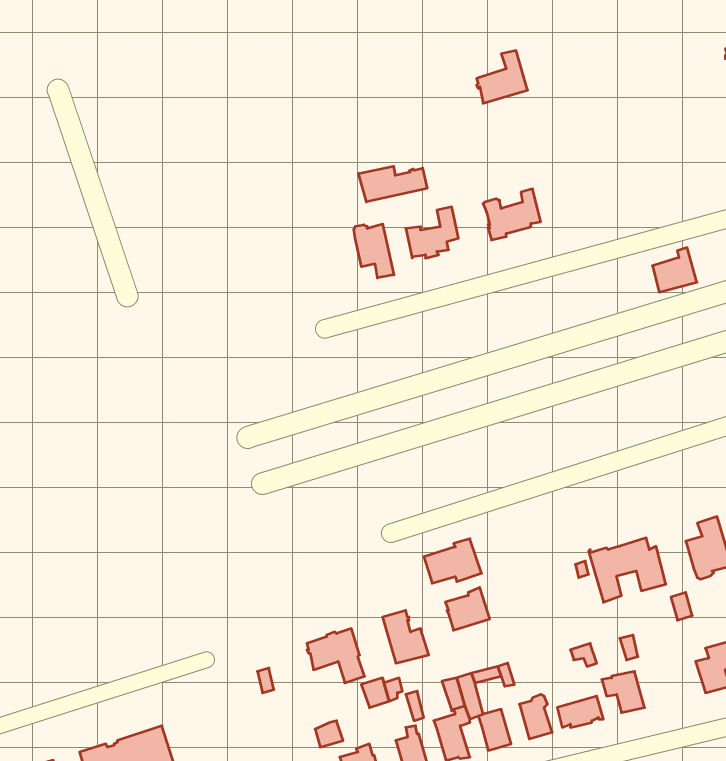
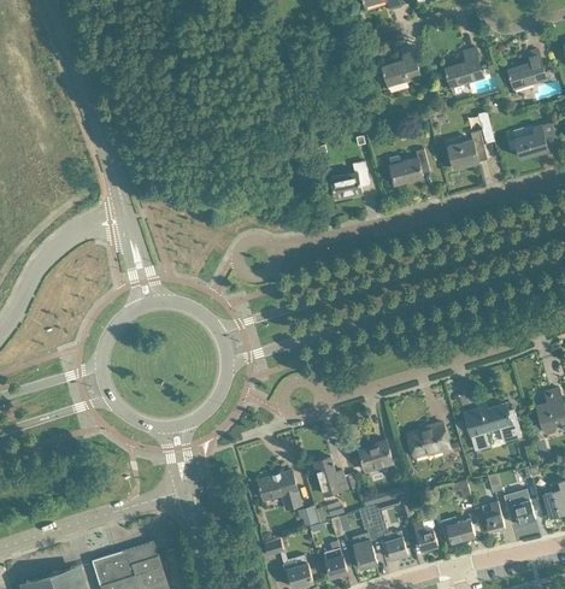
building: none -> [445,48,482,87]
building: none -> [507,49,546,89]
building: none -> [447,130,487,169]
building: [359,166,427,202] -> none
building: [354,224,394,278] -> none
building: [652,248,697,292] -> [514,125,547,158]
building: [424,539,482,583] -> [407,423,449,455]
building: none -> [502,489,535,524]

